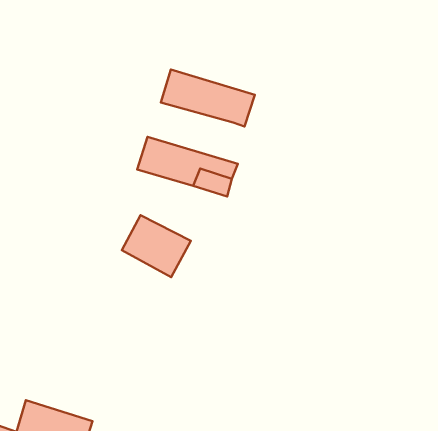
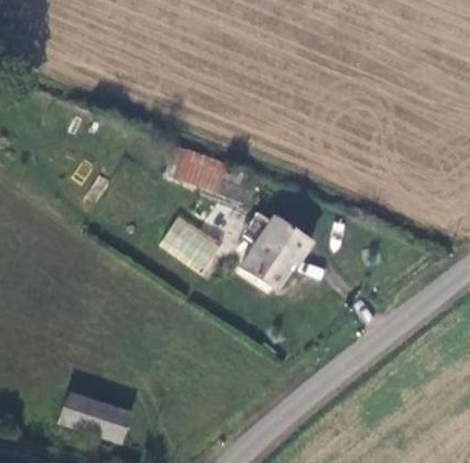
building: [161,69,255,126] -> none
building: none -> [244,215,316,285]

